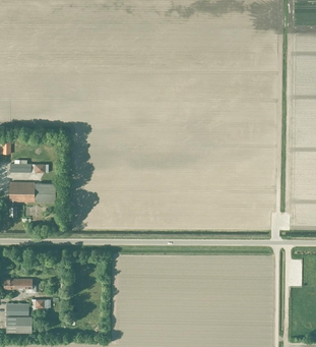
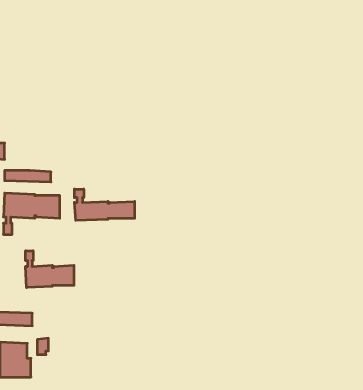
building: none -> [74,189,135,220]
building: none -> [26,251,74,288]

